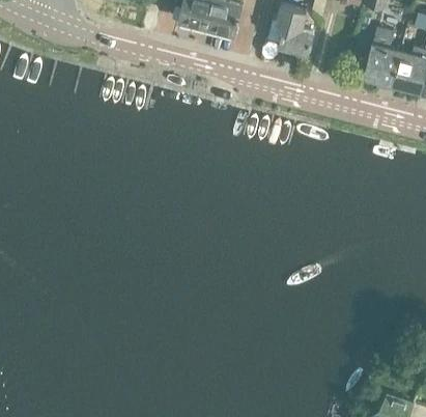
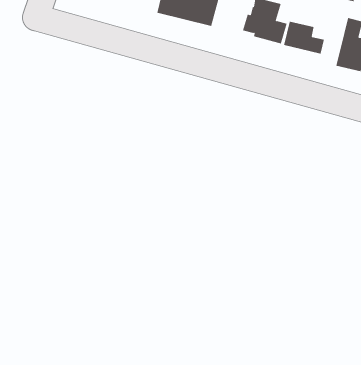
building: none -> [283,21,324,54]

